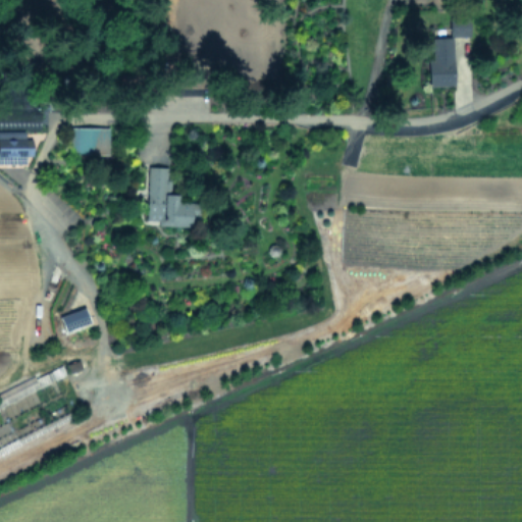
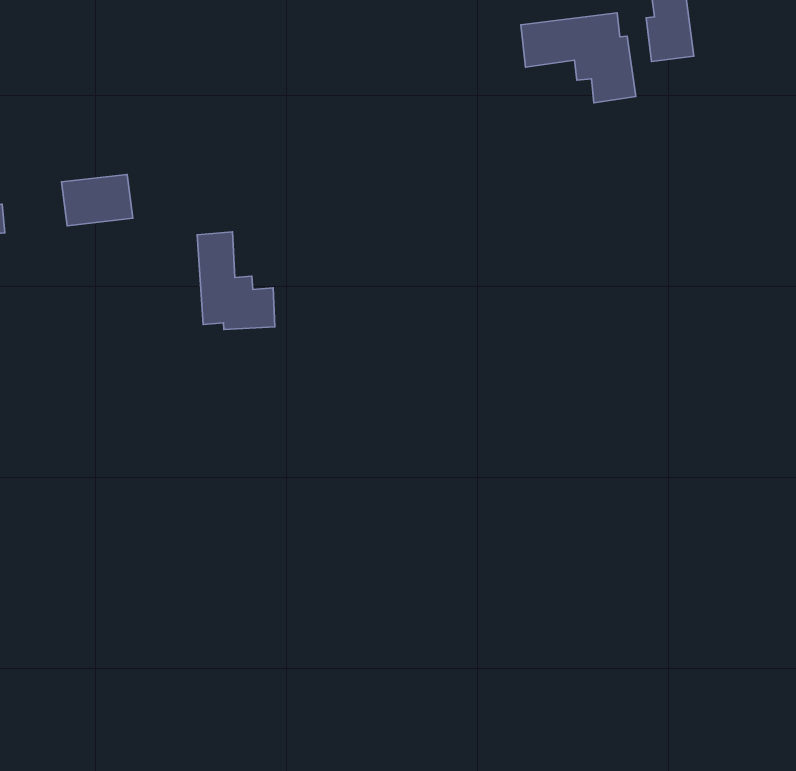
building: none -> [521,13,636,103]
building: [62,309,93,332] -> none

